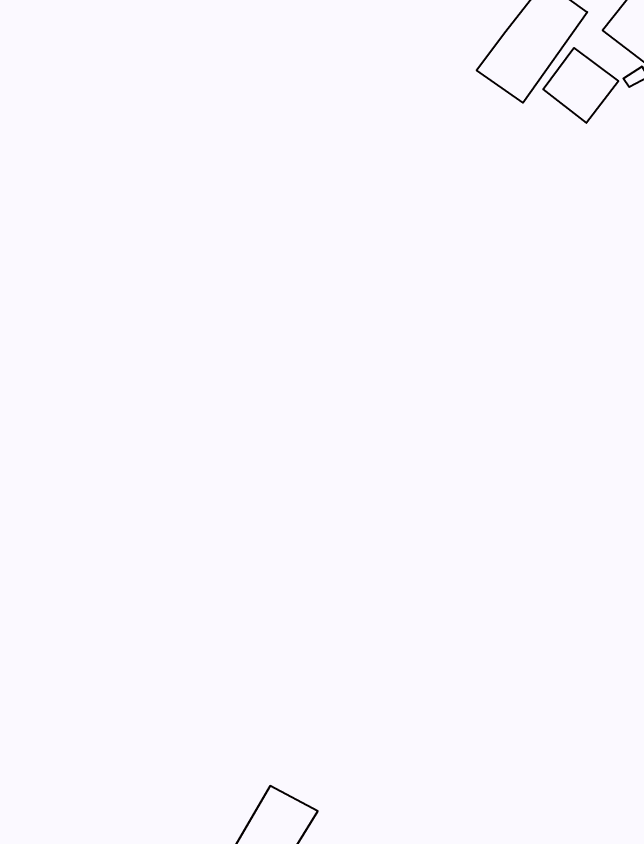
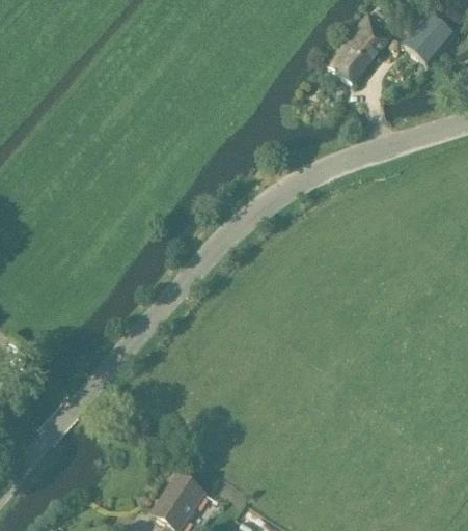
building: [543,48,618,123] -> none

